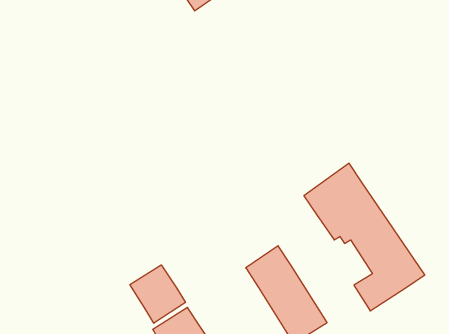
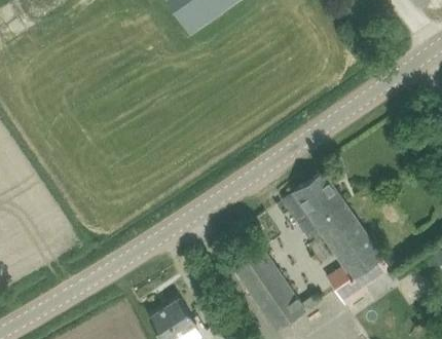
building: [130,265,185,323] -> none

